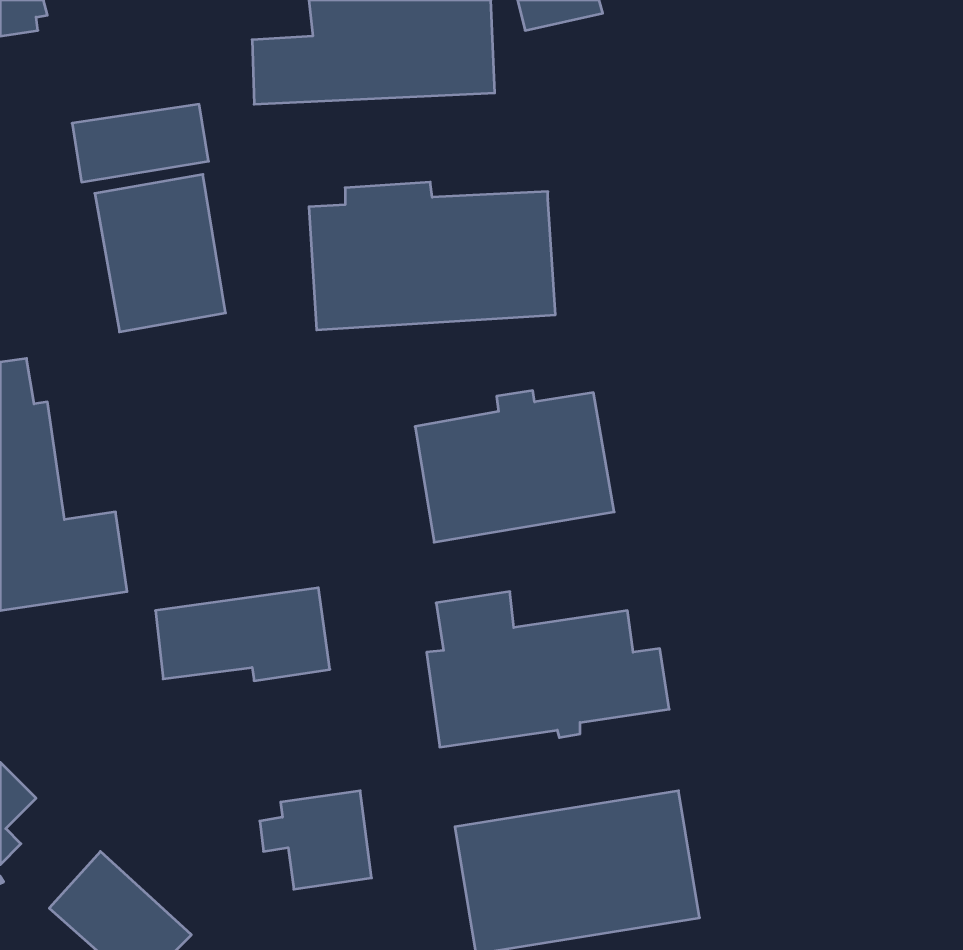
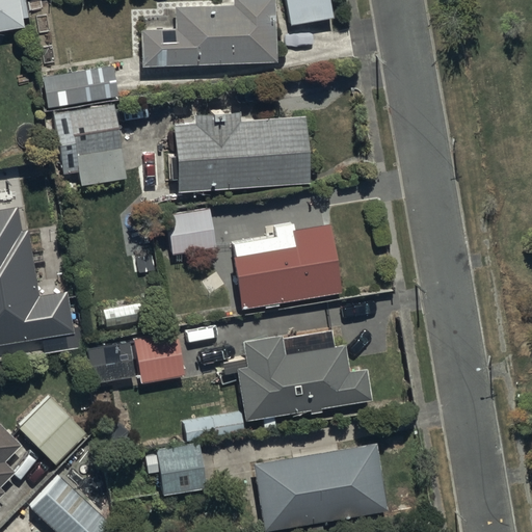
building: none -> [166,211,216,257]
building: none -> [19,398,87,468]

